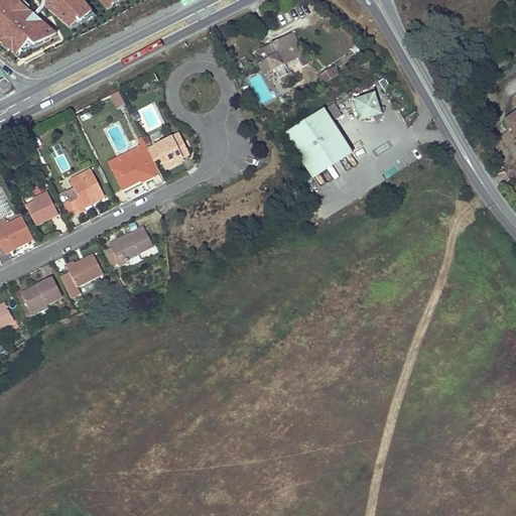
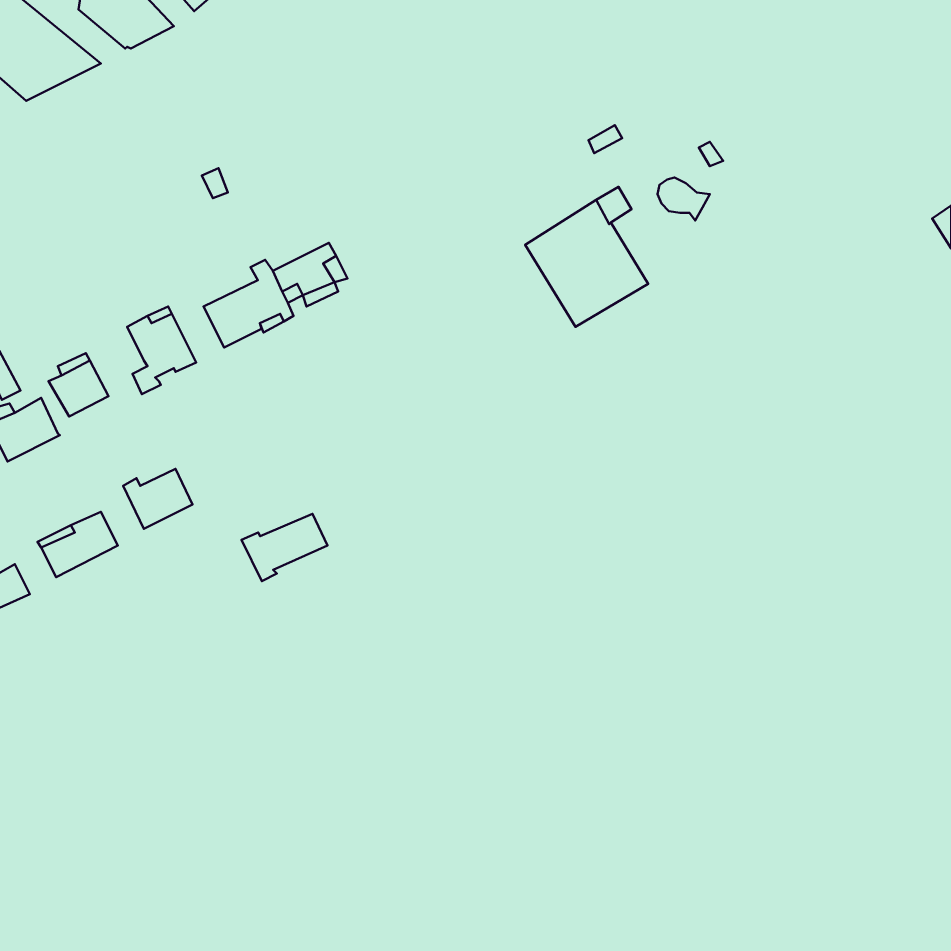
building: [253,32,301,82] -> none
building: [107,228,153,264] -> [241,514,327,581]

